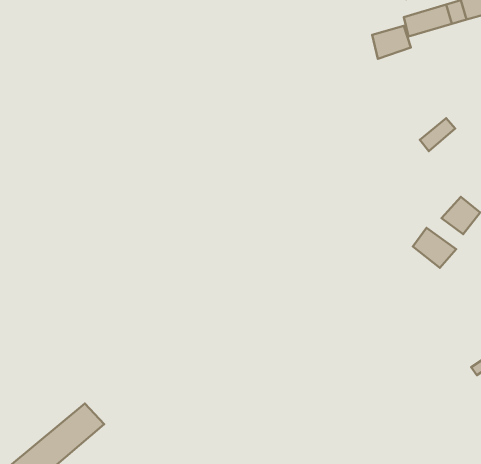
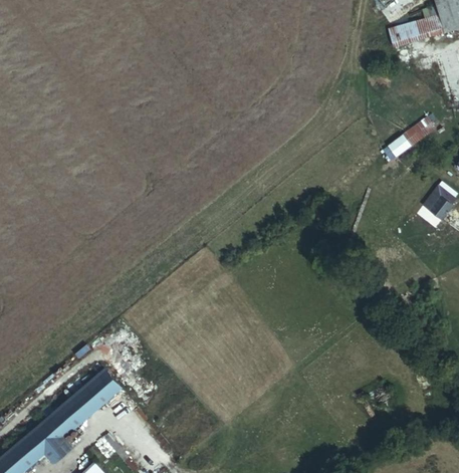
building: [372,26,411,59] -> none
building: [413,228,456,268] -> none

